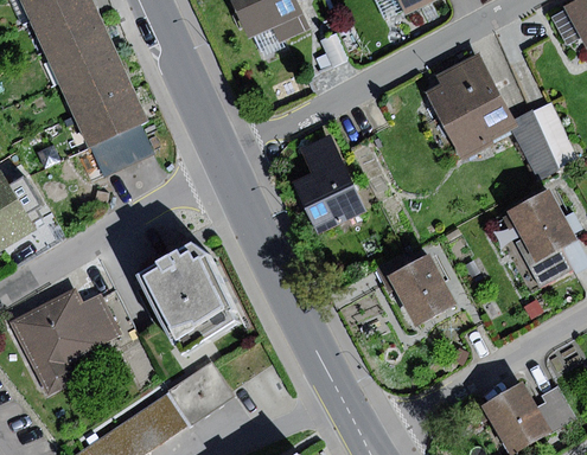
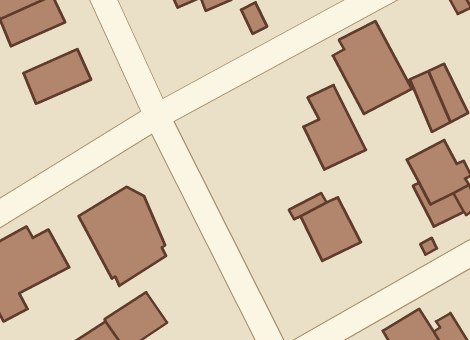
building: [57,55,133,113] -> none
building: [89,123,153,174] -> none
building: [295,135,366,231] -> [303,85,366,170]

